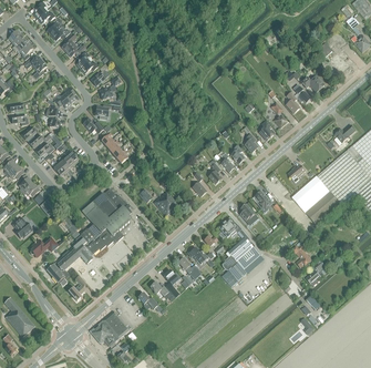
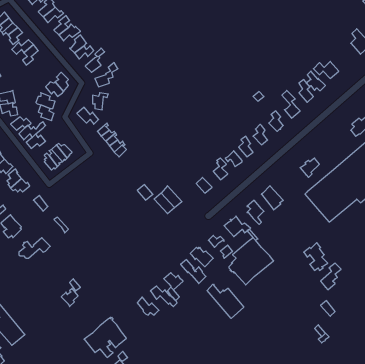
building: [47,188,132,283] -> none
building: none -> [207,284,244,318]

